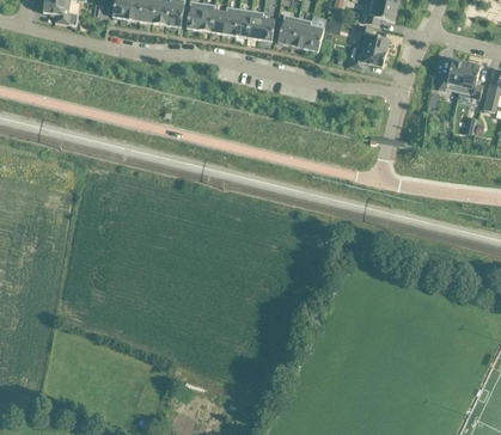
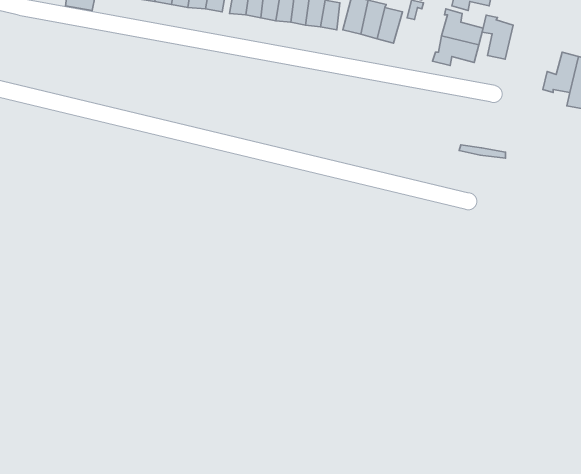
building: none -> [482,15,513,59]

